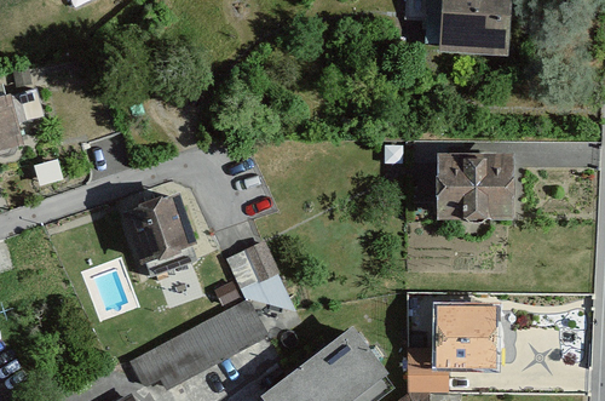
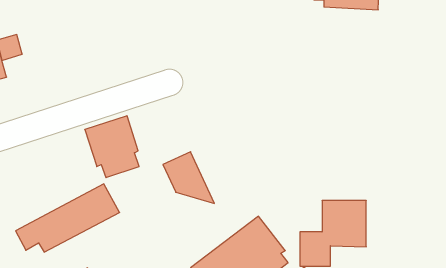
building: [437,151,511,216] -> none
building: [129,299,266,389] -> [16,184,120,252]

